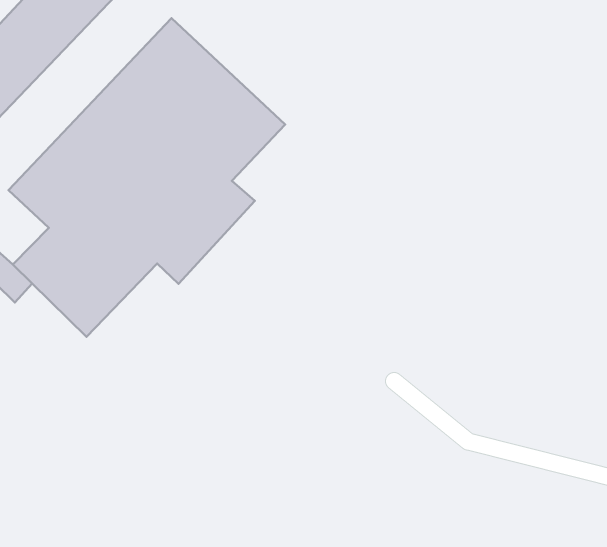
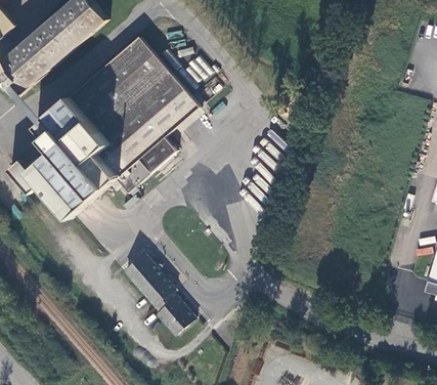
building: none -> [125,254,196,336]

